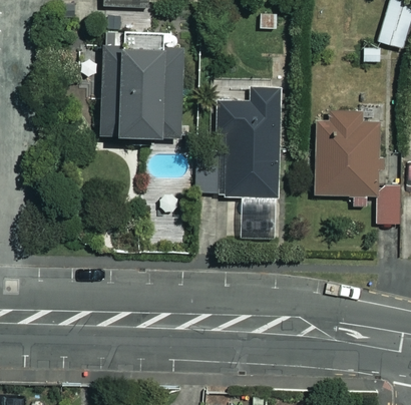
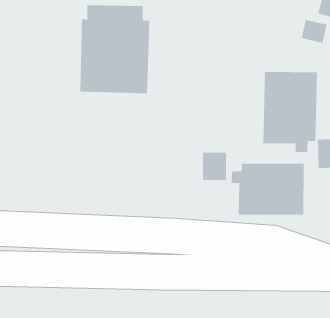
building: [216,85,282,196] -> none
building: none -> [231,163,304,216]

